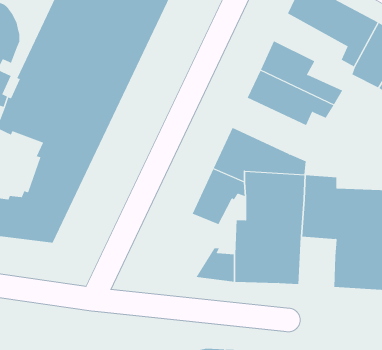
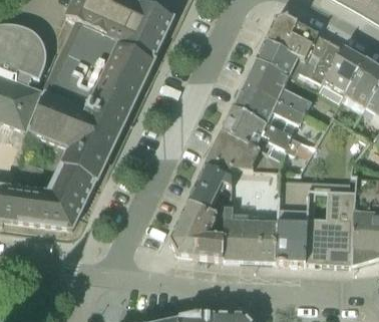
building: none -> [254,38,314,77]
building: none -> [220,107,314,158]
building: none -> [168,203,217,255]
building: none -> [275,222,305,263]

